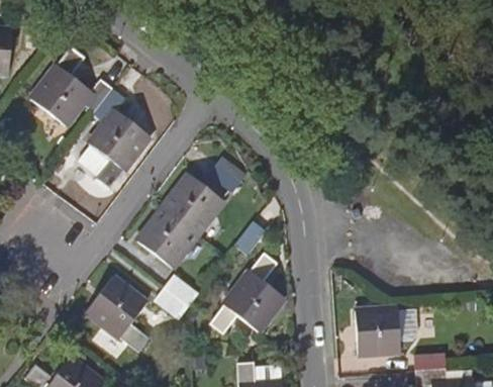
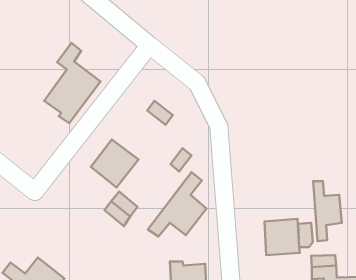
building: [28,46,113,125] -> none
building: [164,175,223,234] -> none
building: none -> [313,181,342,241]
building: [84,278,146,353] -> none

